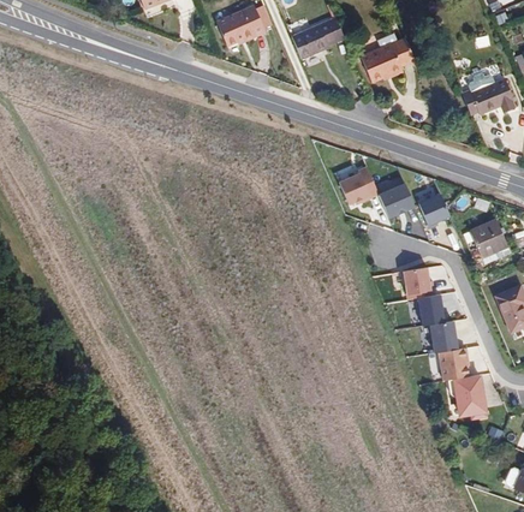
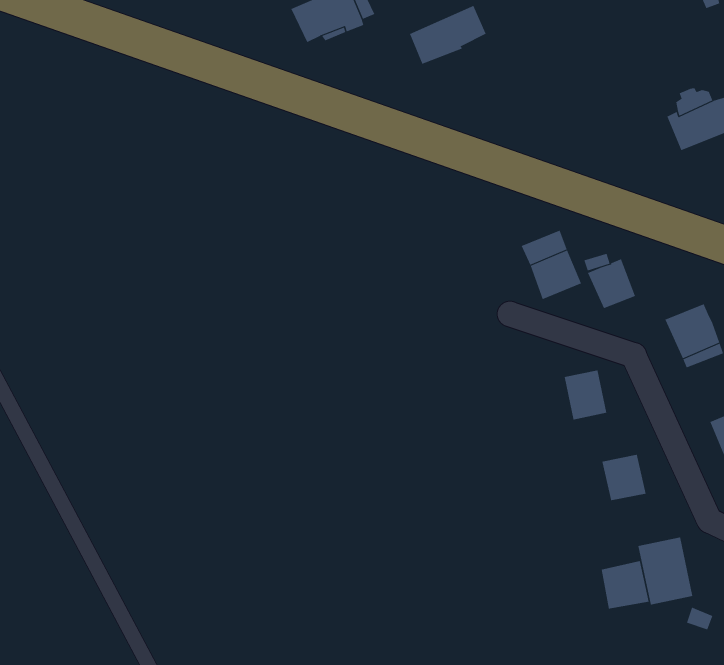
building: [364,37,416,78] -> none
building: [337,169,374,204] -> none
building: [416,291,442,323] -> none
building: [436,345,469,377] -> [601,561,650,609]

